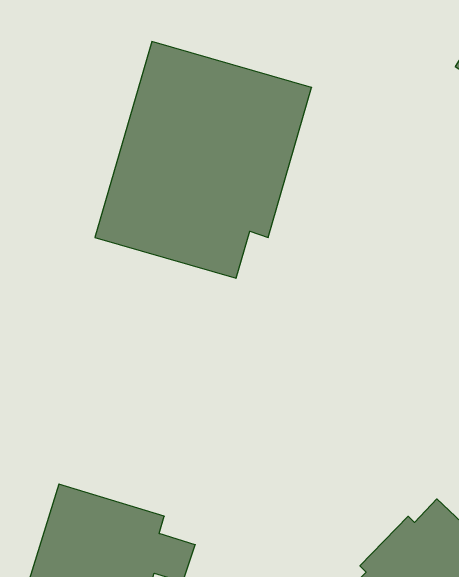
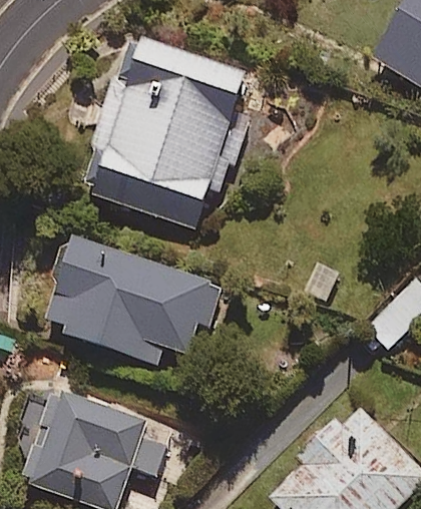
building: none -> [44,238,218,363]

